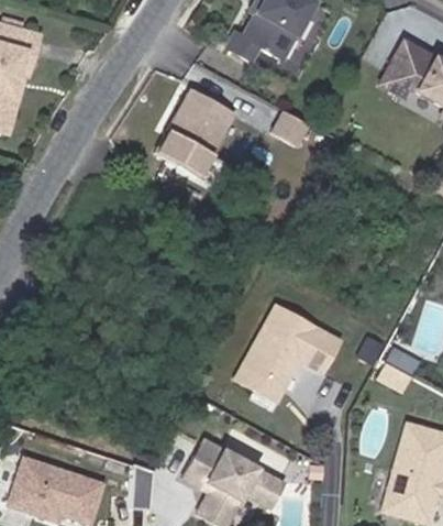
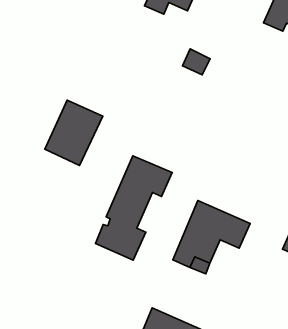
building: [156,85,235,171] -> [45,100,103,165]
building: none -> [95,156,172,260]

